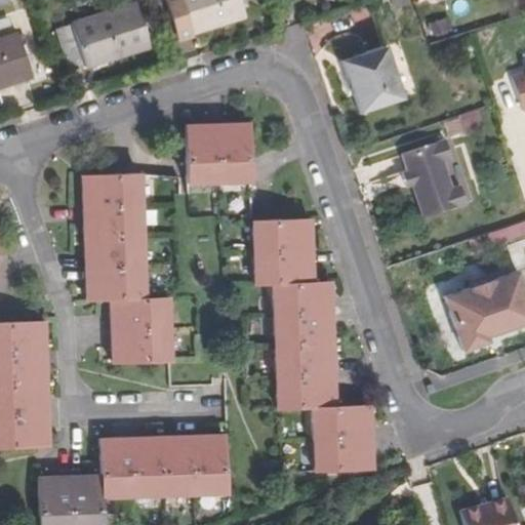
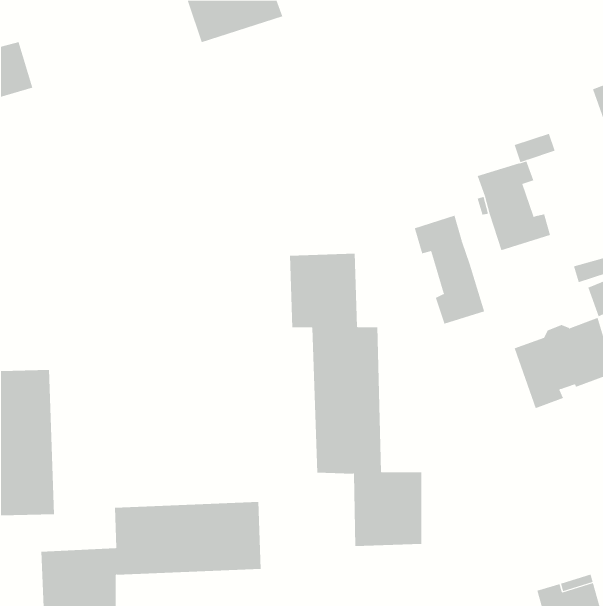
building: [58,6,151,73] -> none
building: [355,45,416,112] -> none
building: [188,124,252,184] -> none
building: [83,172,171,361] -> none
building: none -> [414,215,485,325]

